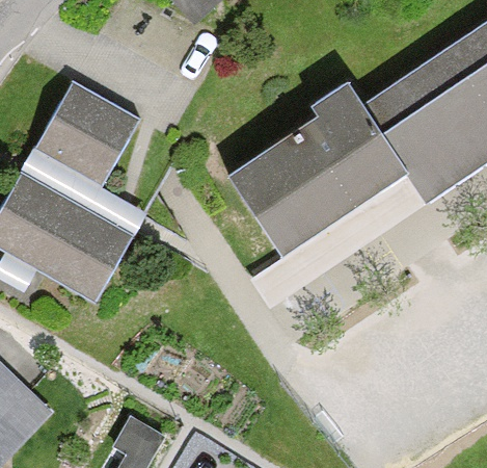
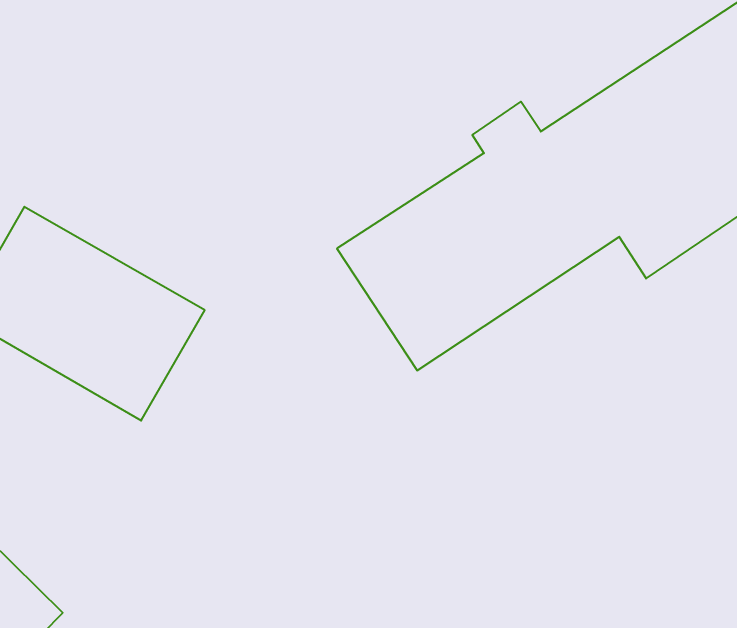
building: [36,78,142,181] -> none

